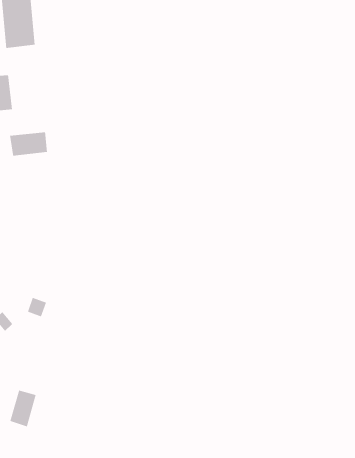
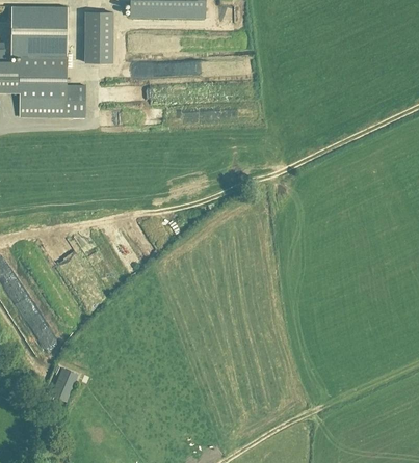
building: [10,132,47,156] -> none

